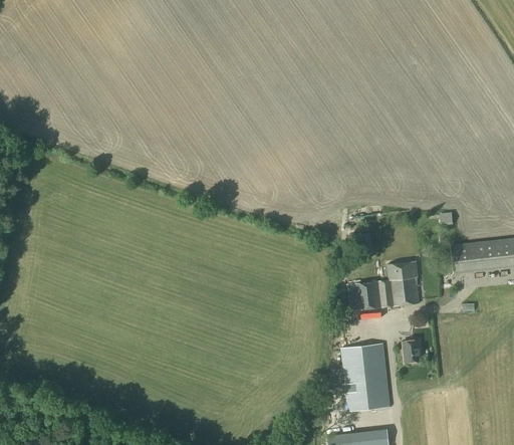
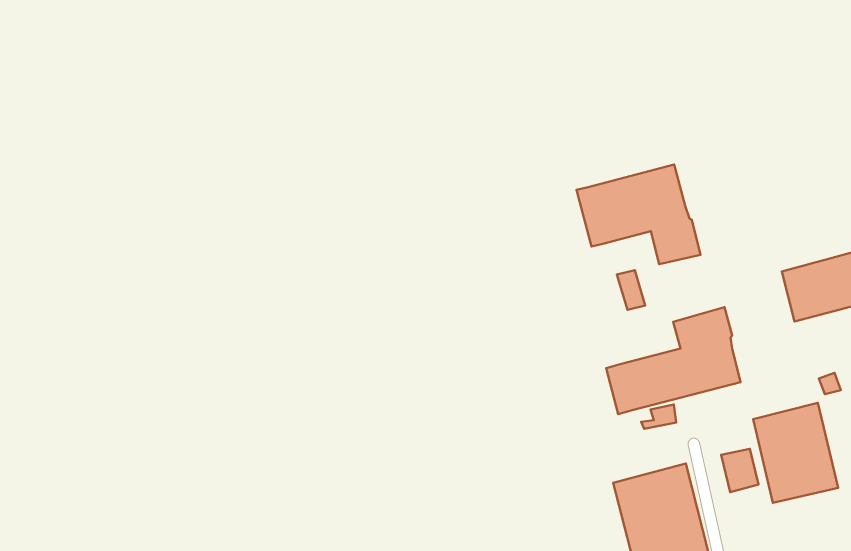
building: none -> [577,164,701,264]
building: none -> [753,403,838,503]

